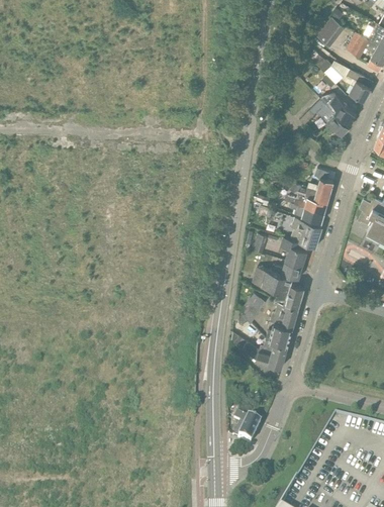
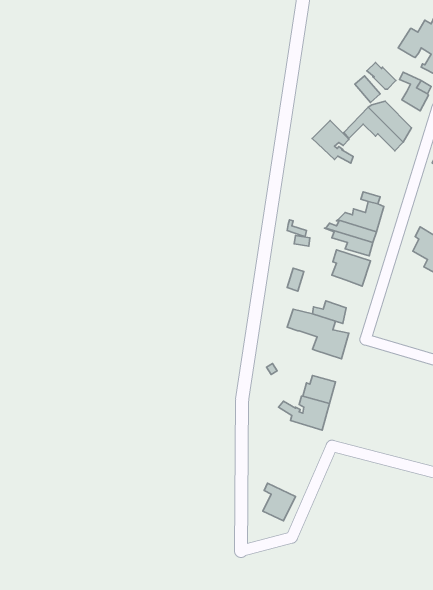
building: [316,17,345,46] -> none
building: none -> [312,120,353,163]
building: [280,237,307,267] -> none
building: [270,302,298,328] -> none

